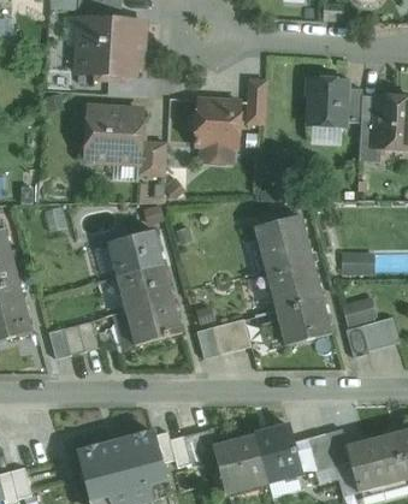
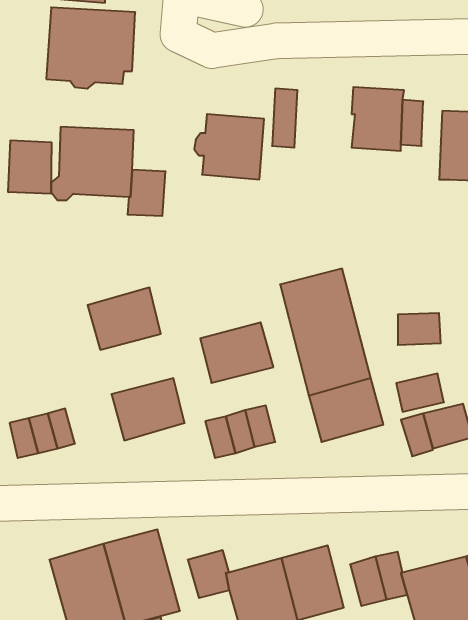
building: none -> [8,140,51,194]
building: [357,119,380,162] -> none
building: [117,265,172,310] -> [200,322,273,383]

